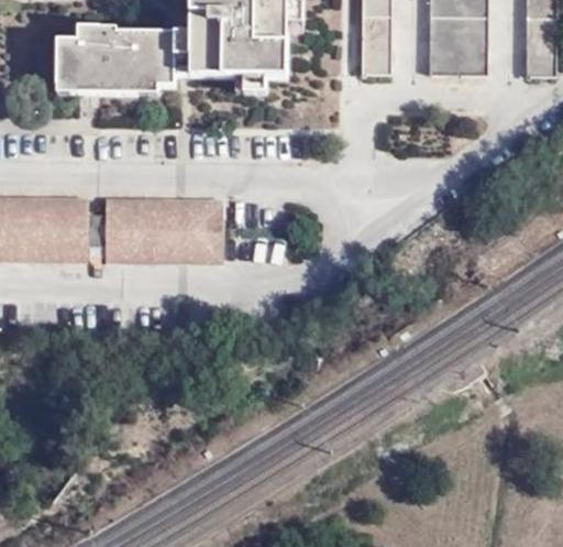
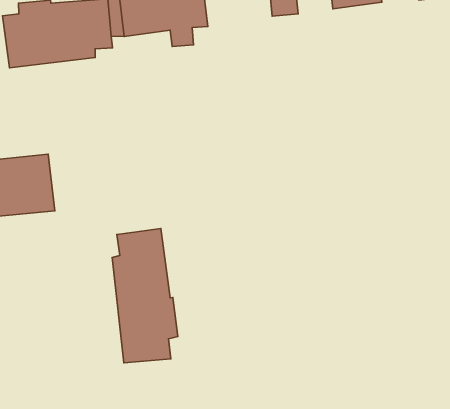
building: [107,198,224,263] -> none
building: none -> [112,228,178,363]

